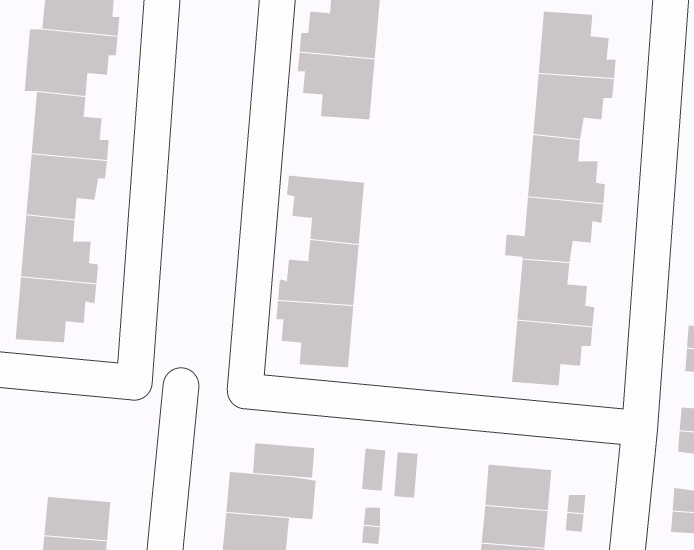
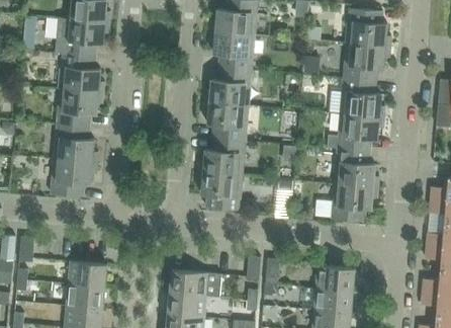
building: none -> [205,68,252,105]
building: [252,442,315,478] -> none
building: none -> [69,261,107,286]

